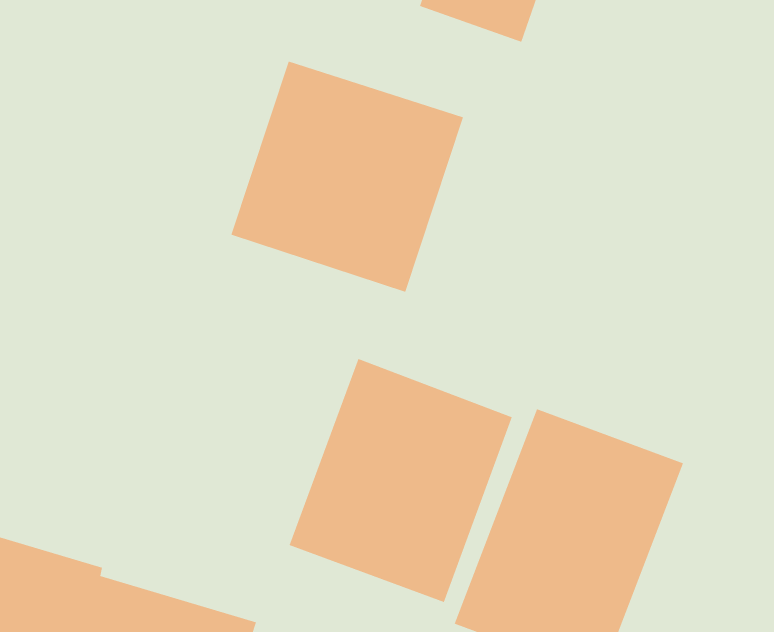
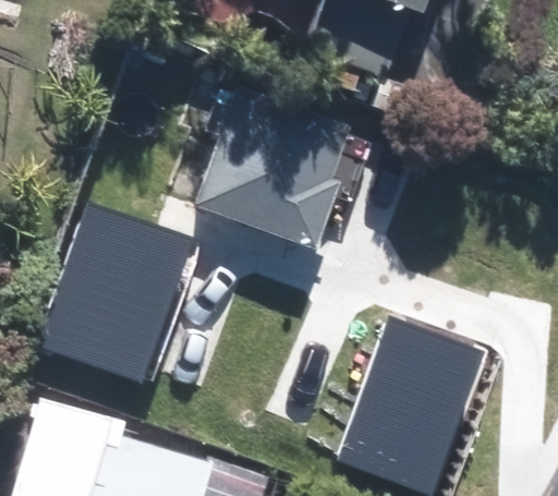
building: none -> [43,203,199,384]
building: [289,358,512,603] -> none

